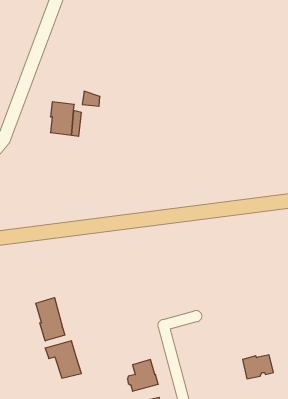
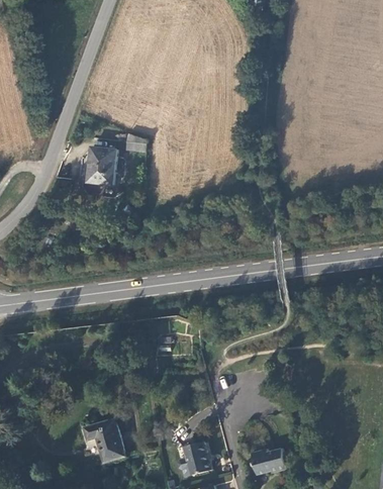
building: [36,298,65,341] -> none
building: [243,355,273,379] -> [251,447,286,474]

